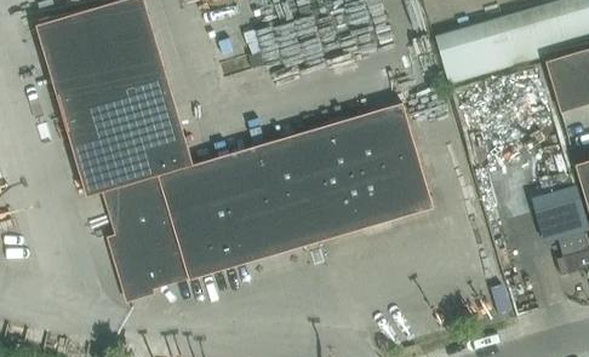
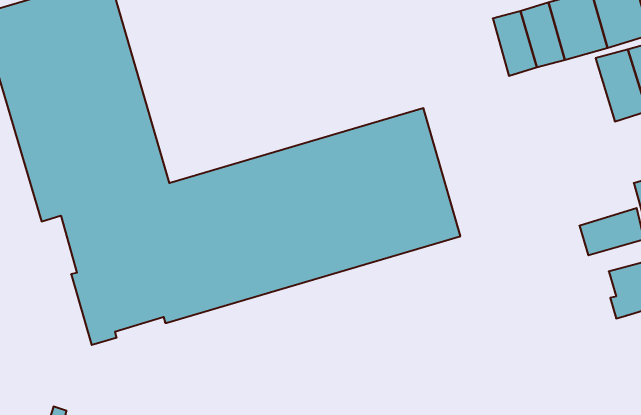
building: [435,29,473,84] -> none

